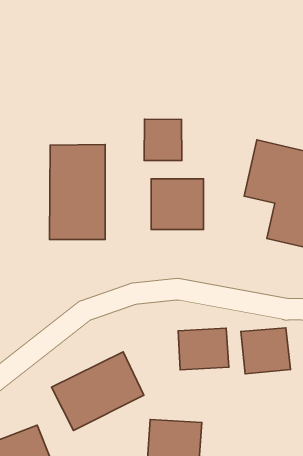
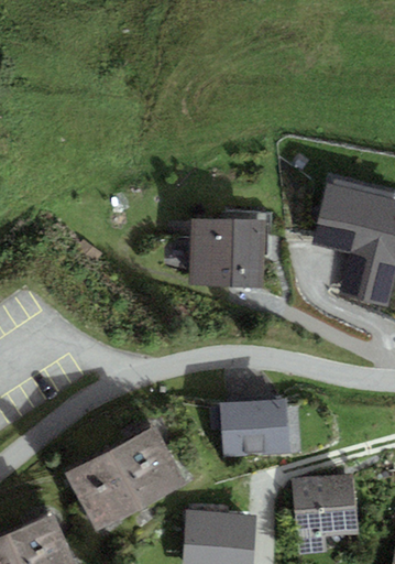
building: [144,119,182,161] -> none
building: [50,145,105,240] -> none
building: [241,328,290,374] -> [299,478,360,534]

